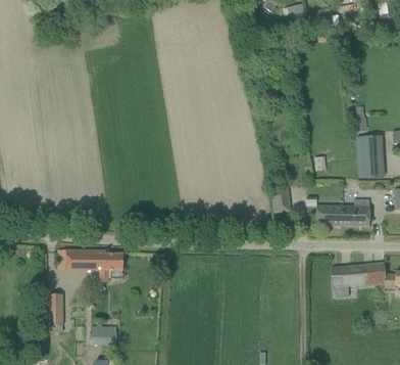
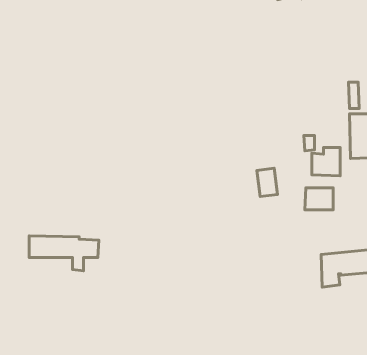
building: [342,199,368,226] -> [312,148,340,176]
building: [48,294,62,324] -> none
building: [90,325,115,344] -> none

